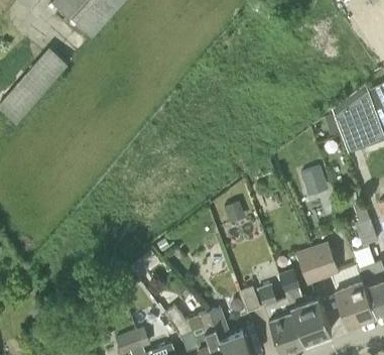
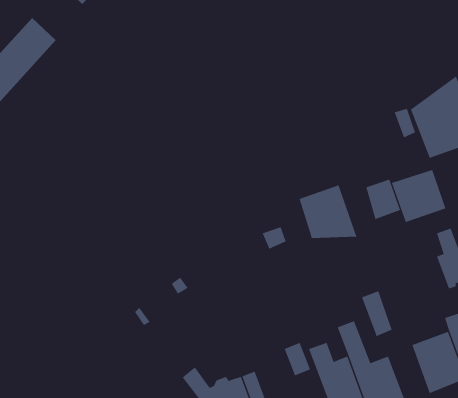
building: none -> [391,169,446,223]
building: none -> [299,185,357,239]
building: [310,244,338,279] -> none

